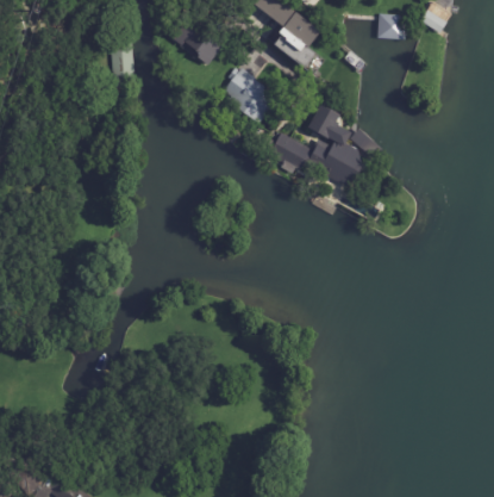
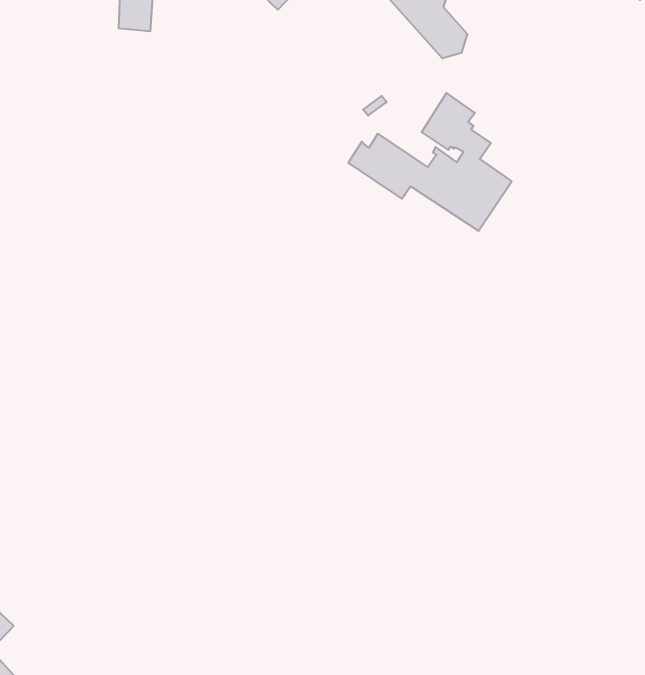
building: [224,68,276,123] -> none

